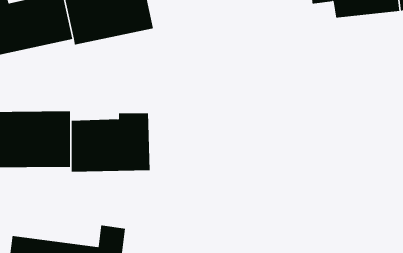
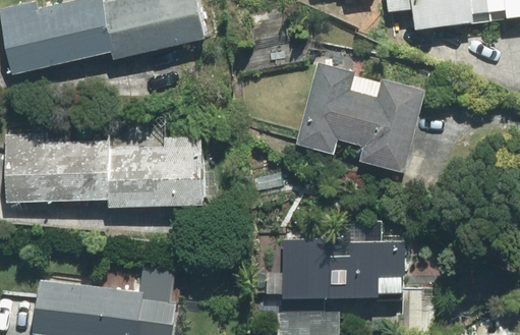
building: none -> [294,62,423,171]
building: none -> [283,239,401,296]

